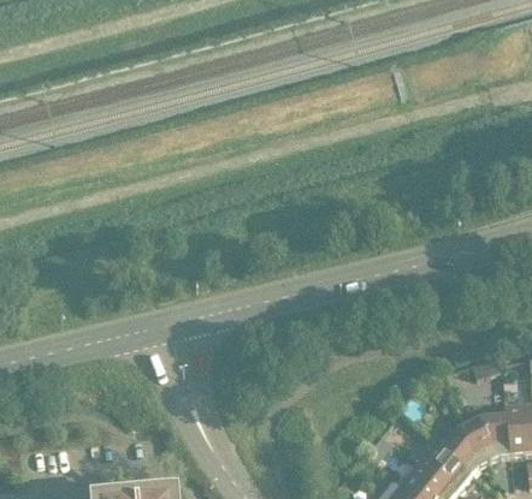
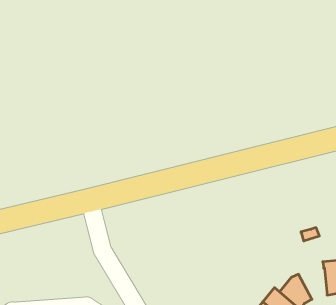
building: [469,417,510,462] -> none

